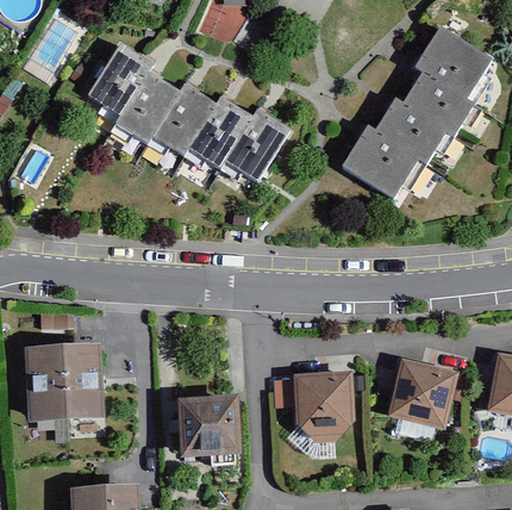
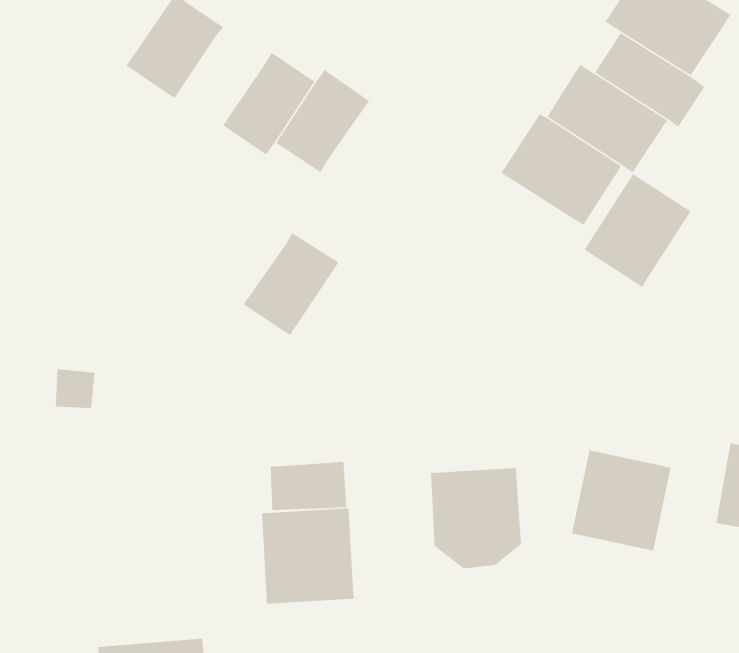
building: [117,77,180,148] -> none
building: [224,113,289,184] -> [243,232,340,336]
building: none -> [583,173,692,288]
building: [23,341,104,422] -> none
building: none -> [270,461,347,511]

